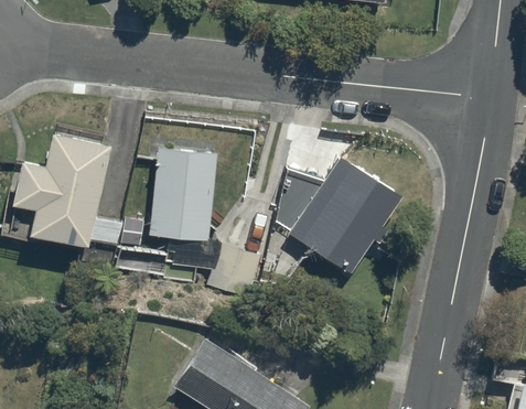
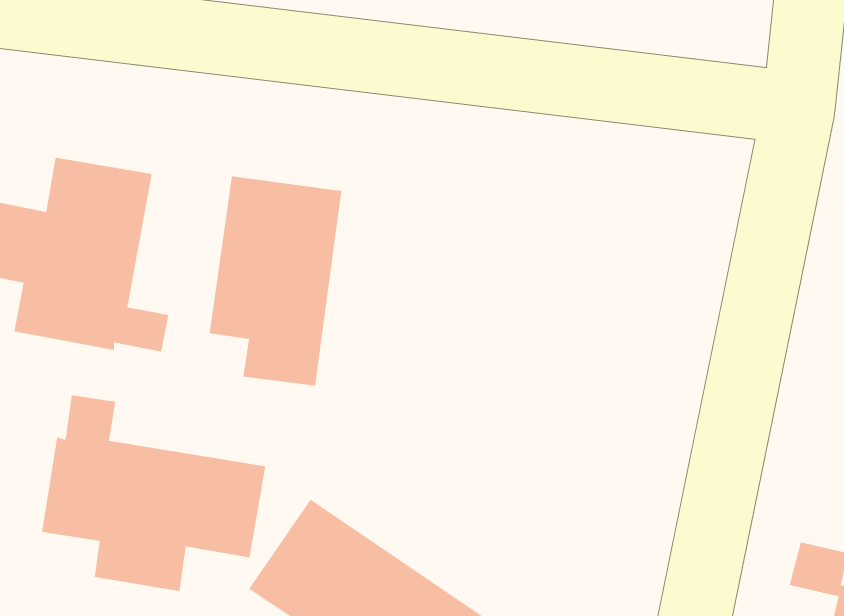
building: [267,153,400,276] -> none
building: none -> [42,394,266,592]

